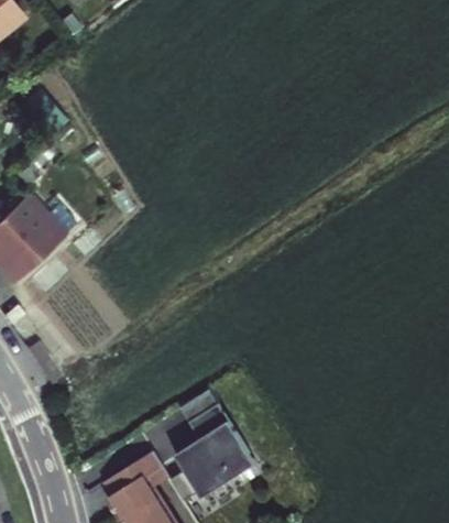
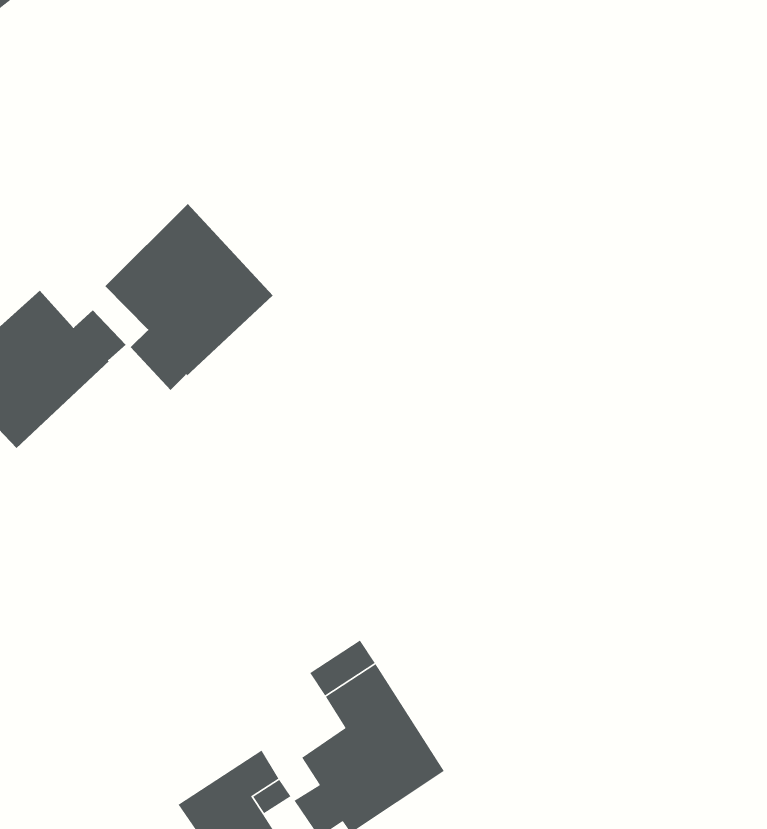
building: none -> [105,203,273,391]

